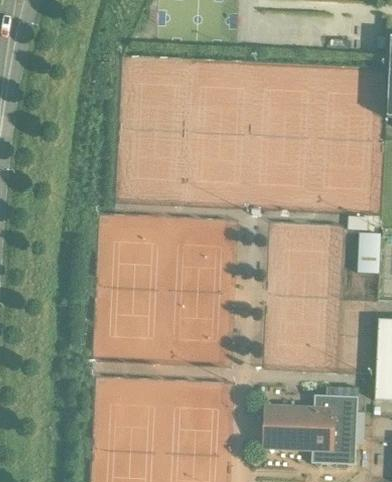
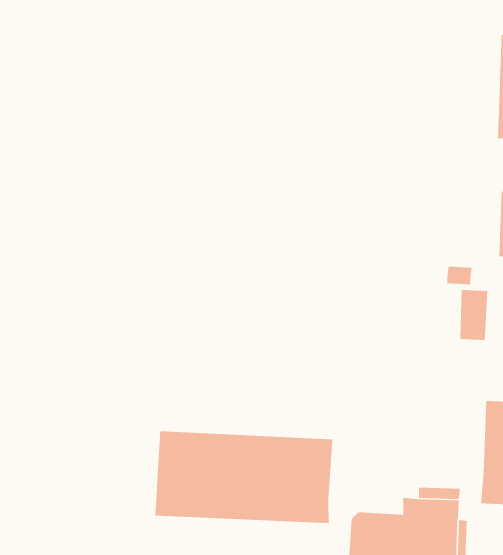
building: none -> [154,430,333,524]

